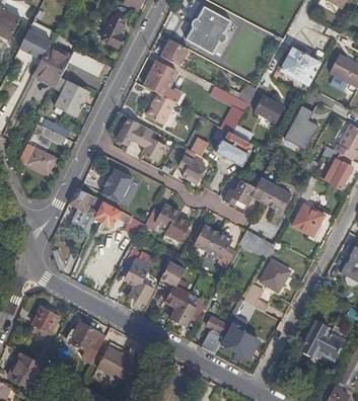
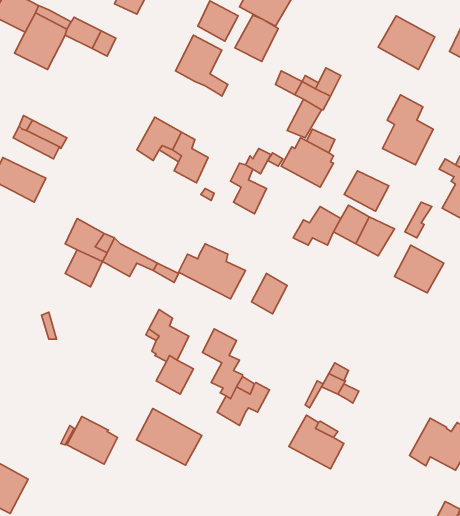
building: [53,81,88,118] -> none
building: [144,93,173,125] -> [235,15,278,61]
building: [255,96,285,124] -> [344,171,389,211]
building: [100,167,131,202] -> none
building: [239,229,274,257] -> none
building: [209,232,233,266] -> none
building: [261,262,291,293] -> none
building: [31,306,58,331] -> none
building: [202,314,228,353] -> none
building: [94,344,139,383] -> [136,409,202,465]

